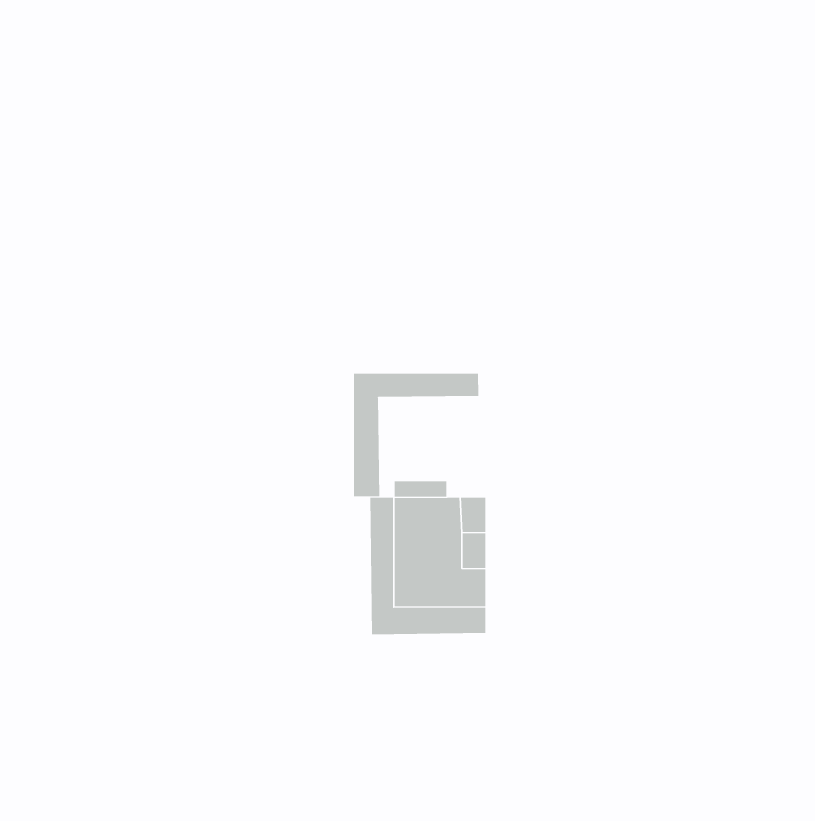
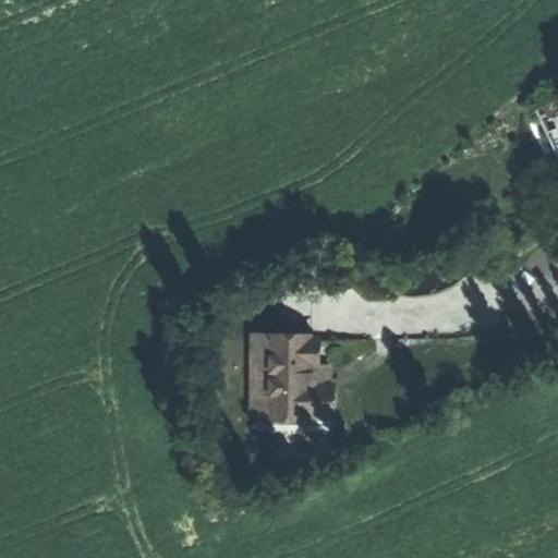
building: [353,373,479,497] -> none

